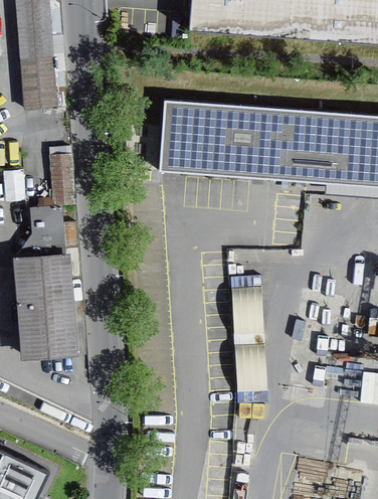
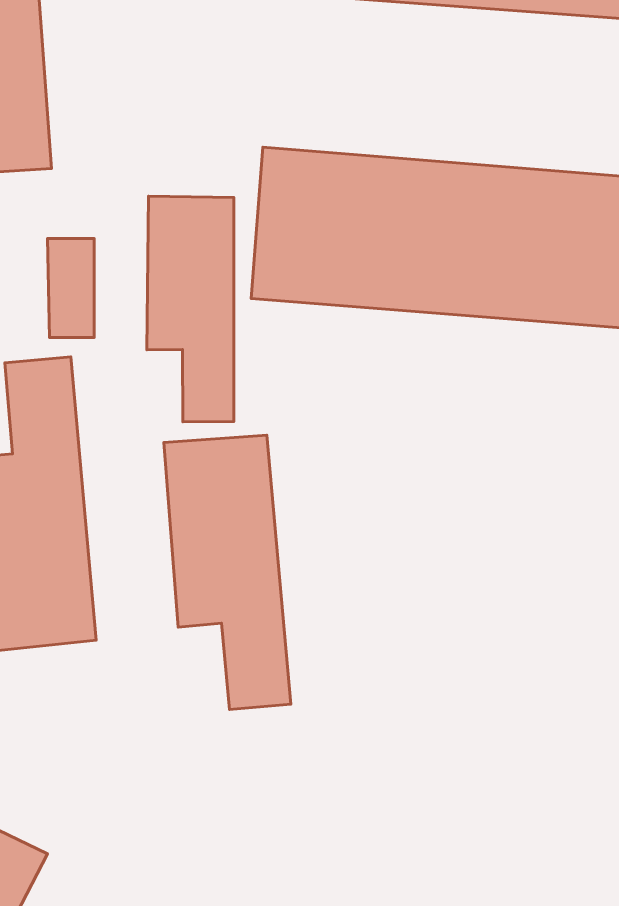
building: none -> [147,196,234,422]
building: none -> [164,435,291,710]

